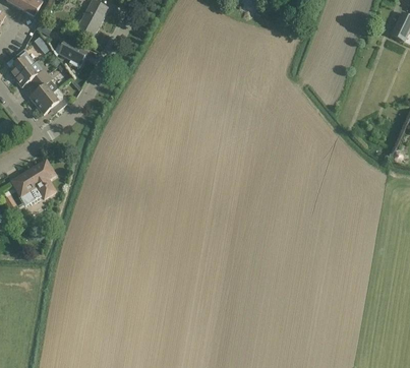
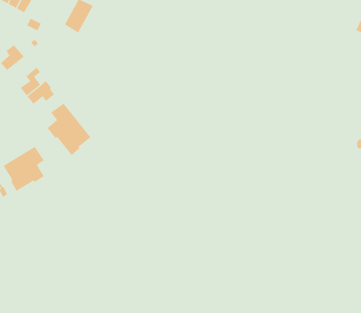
building: [57,40,86,67] -> none
building: [14,60,47,86] -> none
building: none -> [47,103,91,156]

